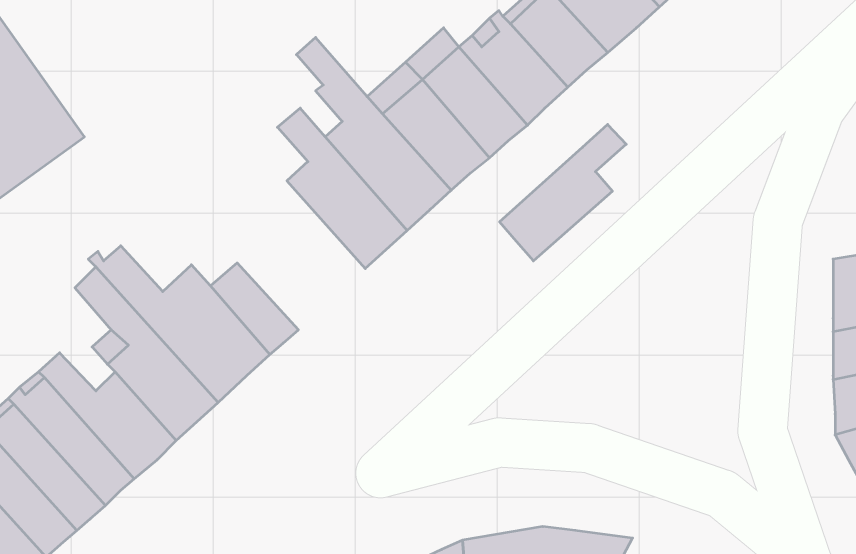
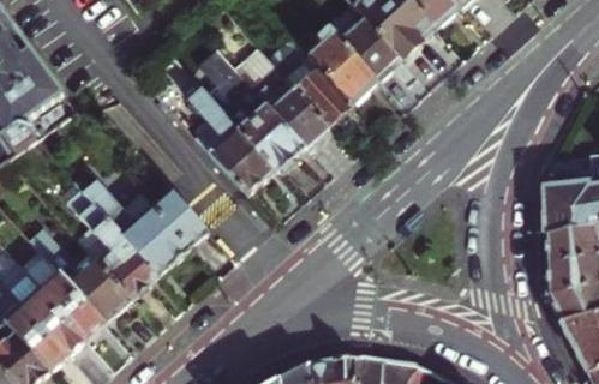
building: [500,124,626,261] -> none

